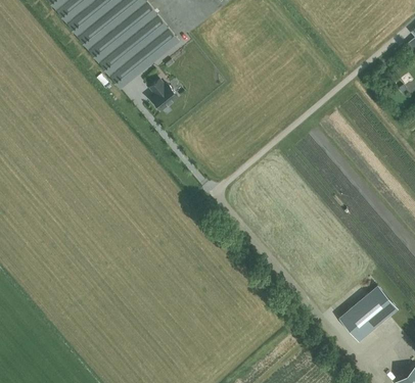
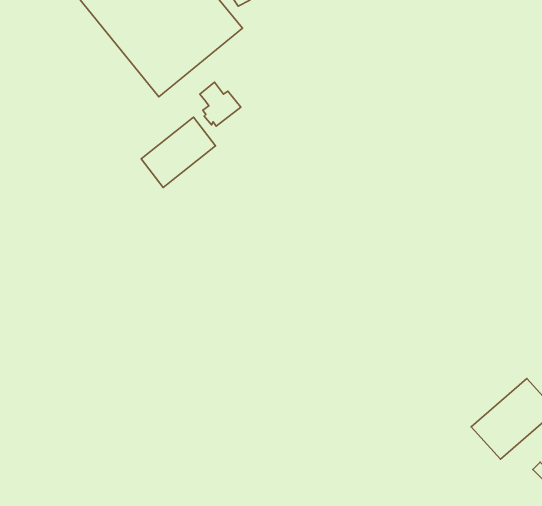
building: none -> [141,117,215,188]

